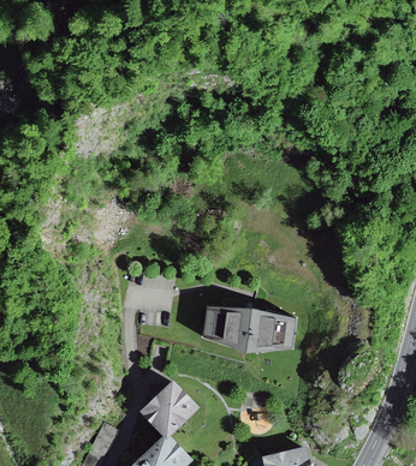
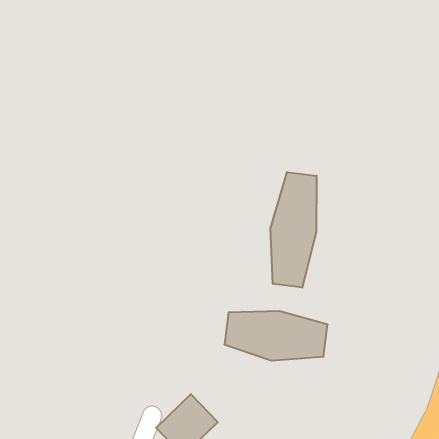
building: none -> [270,172,317,288]

